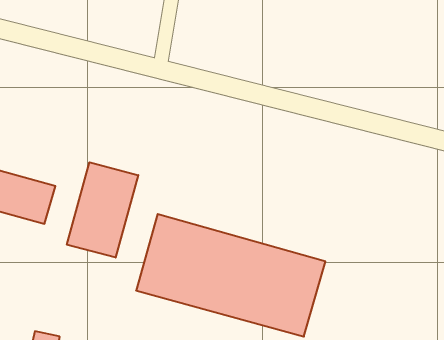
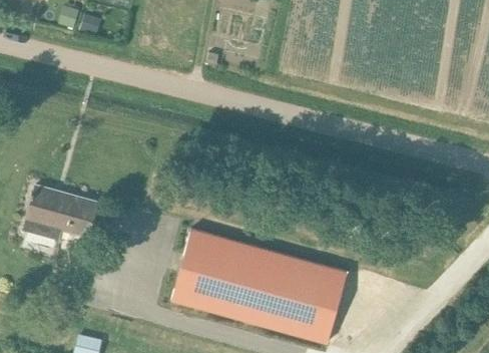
building: [67,162,138,258] -> none

